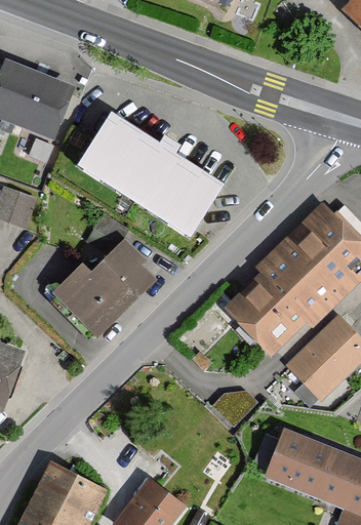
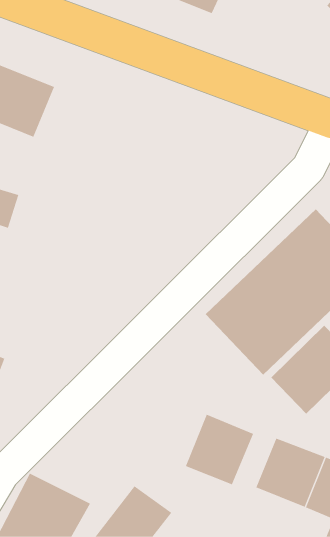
building: [79,111,231,239] -> none
building: [46,240,160,342] -> none
building: none -> [185,414,254,485]

